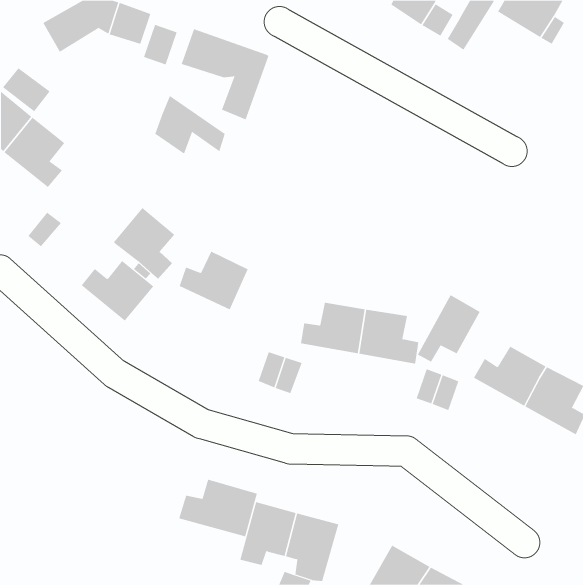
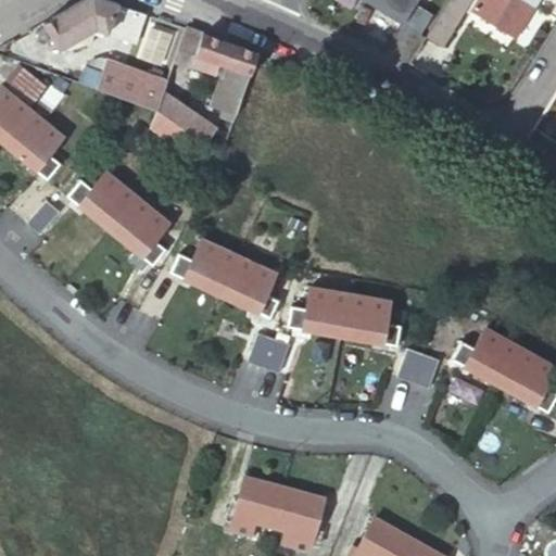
building: none -> [79,58,166,109]
building: [81,260,154,322] -> [67,172,137,230]
building: none -> [220,255,279,318]
building: [417,294,481,363] -> none
building: [179,479,258,537] -> none

